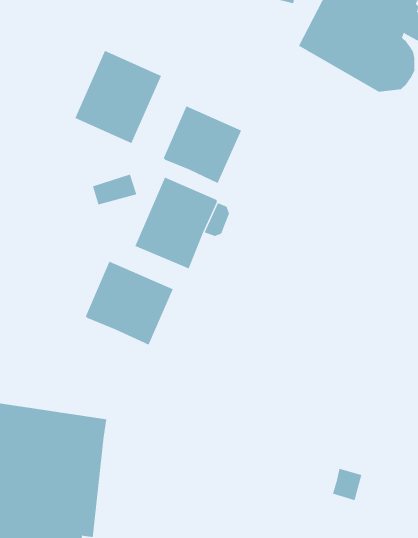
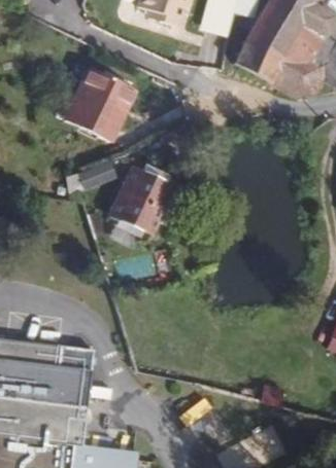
building: [163,106,242,184] -> none
building: [85,261,174,345] -> none

